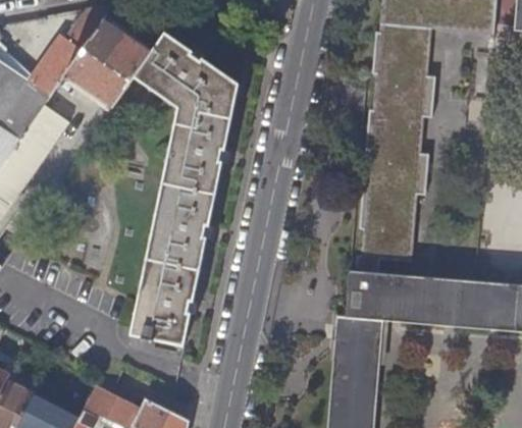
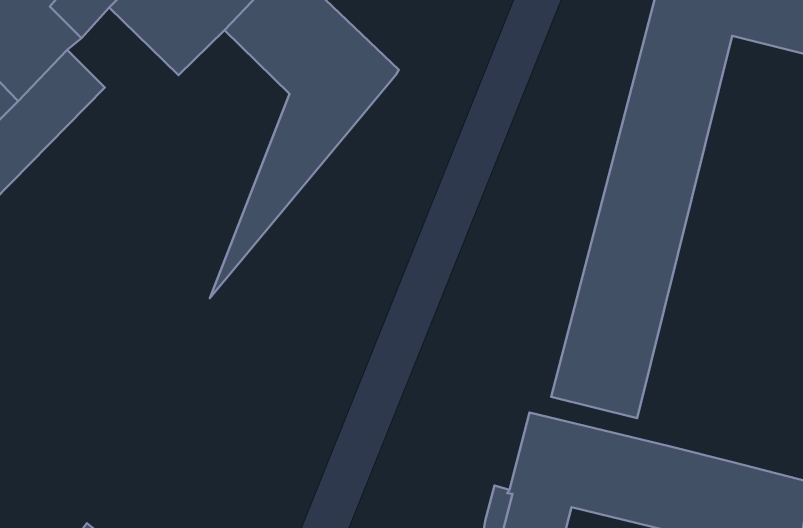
building: [130,87,238,344] -> none

